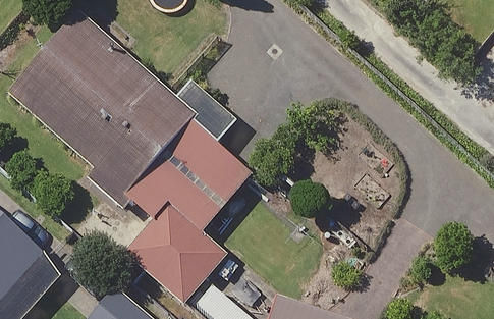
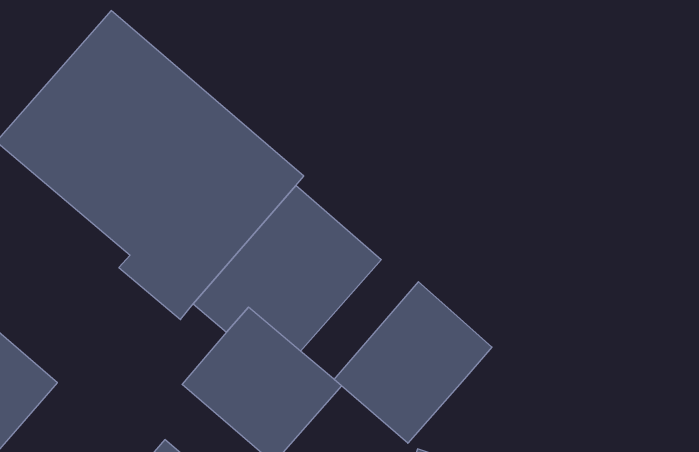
building: none -> [334,282,492,443]

